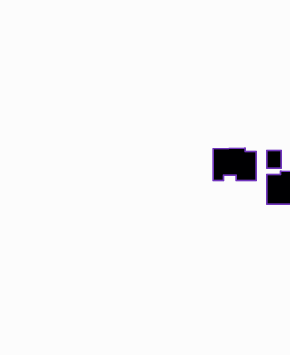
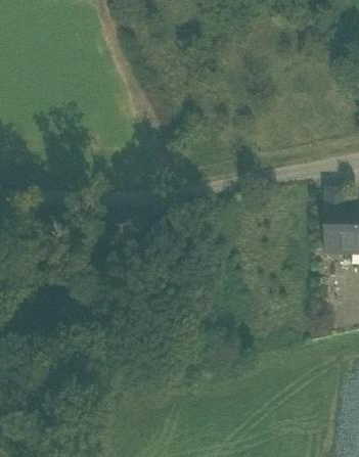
building: [213,148,256,181] -> none

